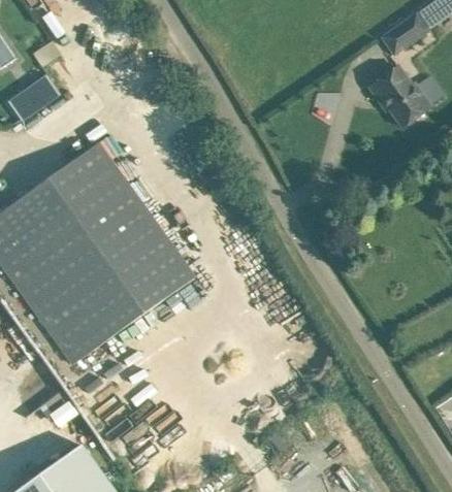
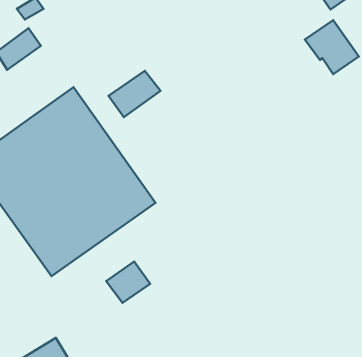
building: none -> [109,71,161,117]
building: none -> [106,261,150,303]

